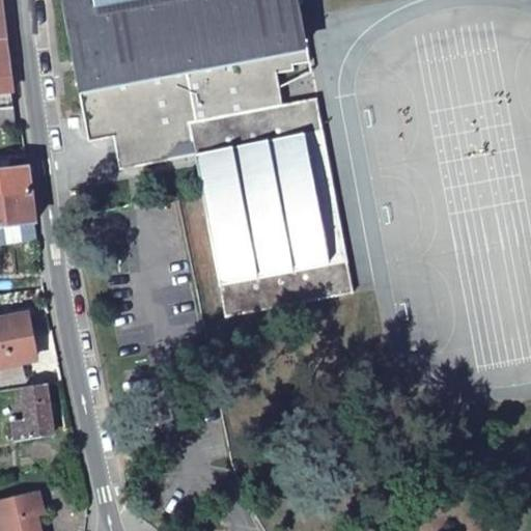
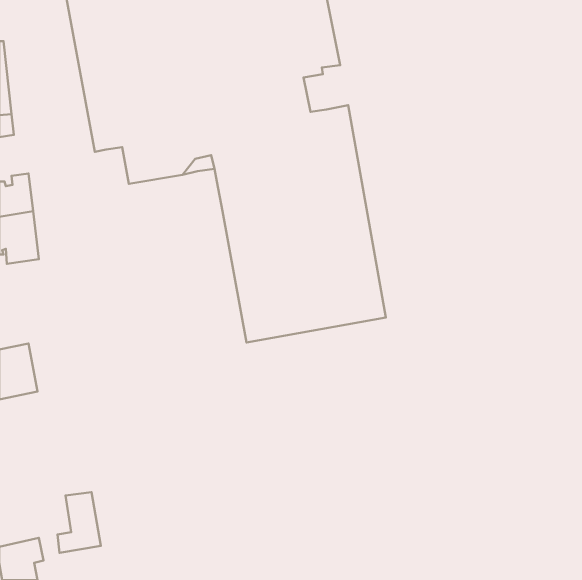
building: [12,381,52,436] -> [57,492,101,553]

